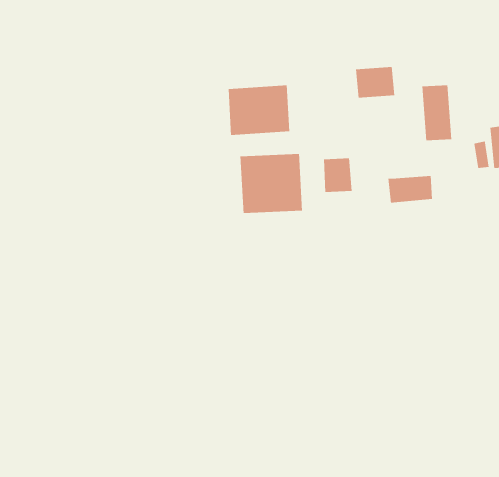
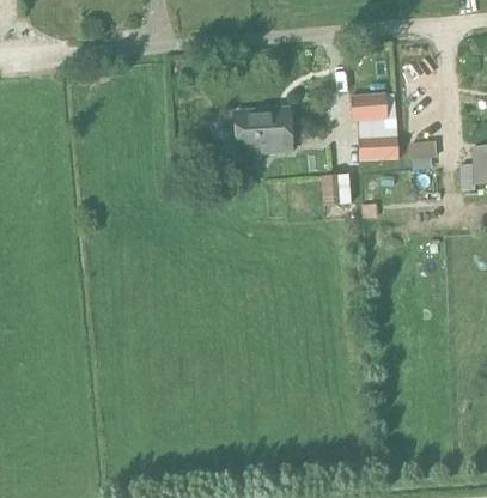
building: [240,153,303,214] -> none
building: [388,175,433,203] -> [357,135,397,160]

